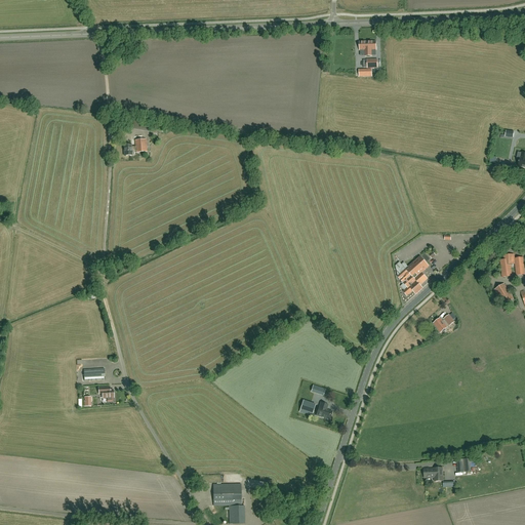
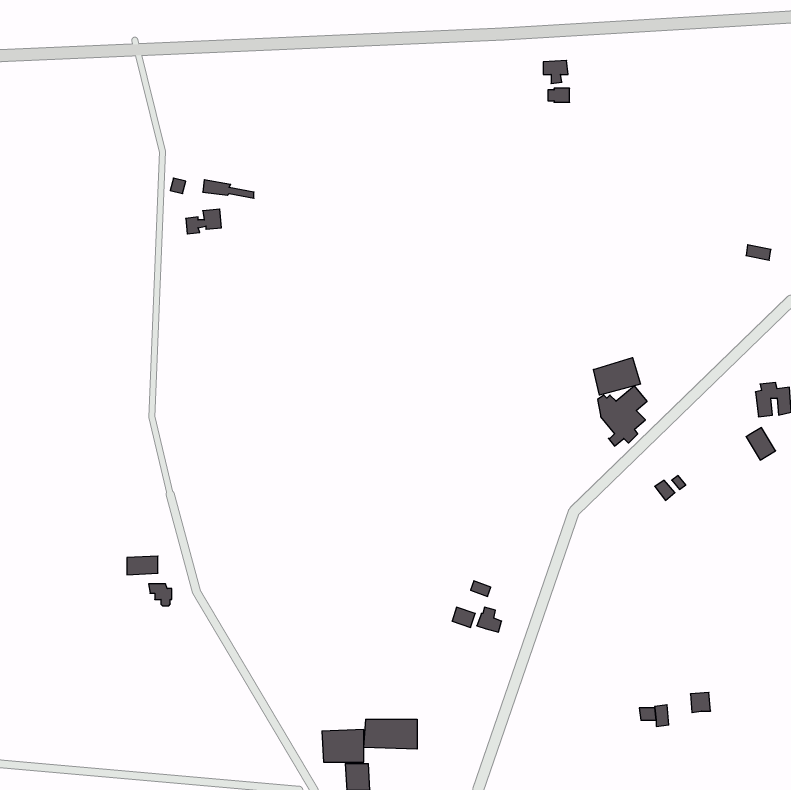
building: none -> [593,358,641,395]
building: none -> [364,719,417,749]

